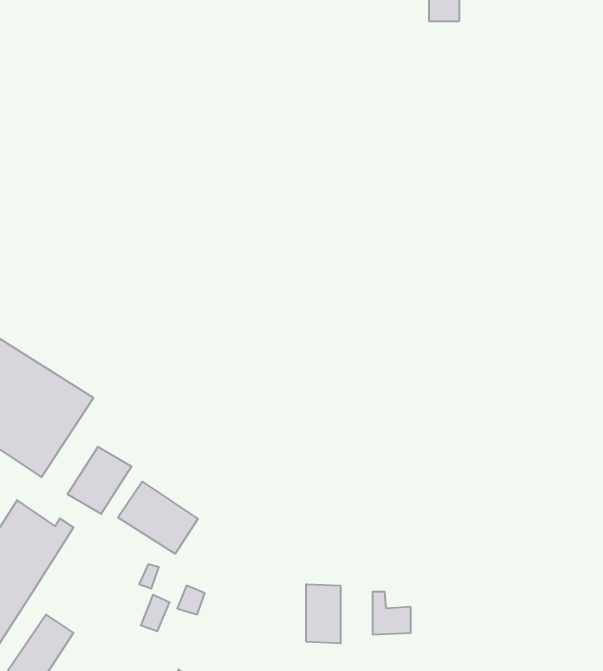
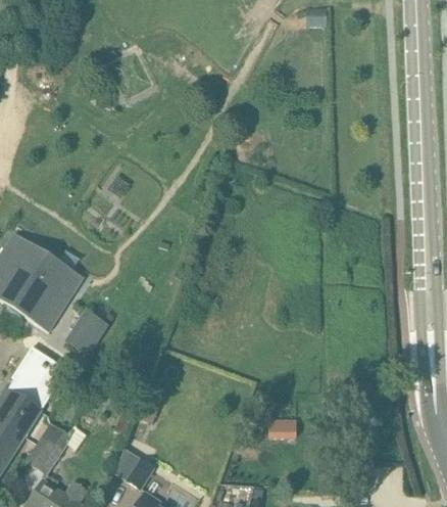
building: [118,482,198,554] -> none
building: [306,584,340,643] -> none

